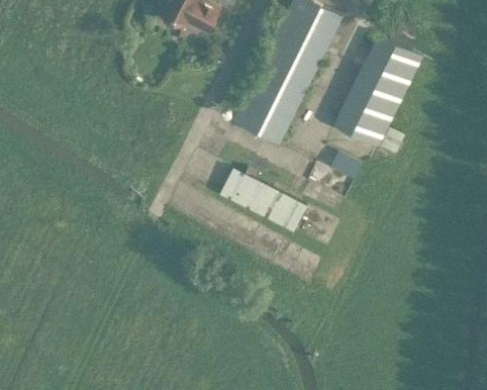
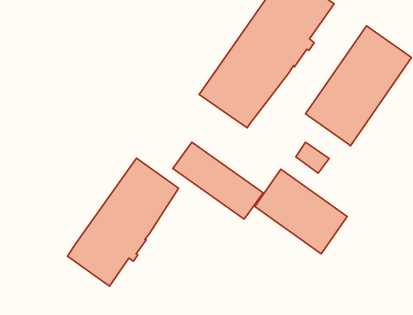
building: none -> [255,169,347,254]
building: none -> [67,158,179,286]

